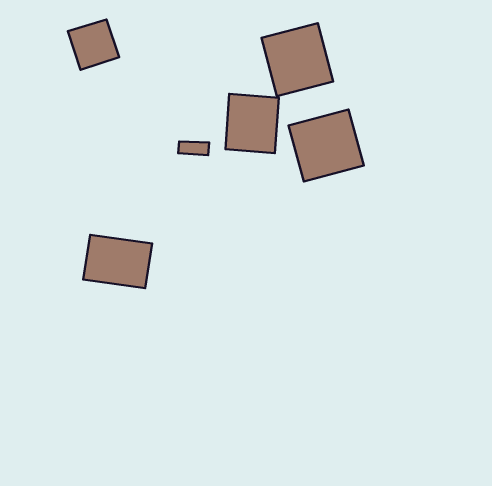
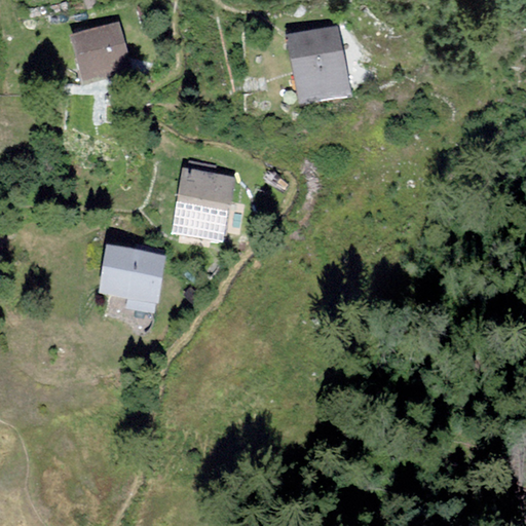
building: [225,94,279,153] -> [178,170,234,232]
building: [288,110,364,181] -> none

